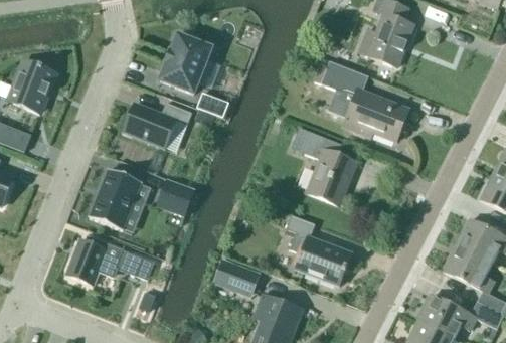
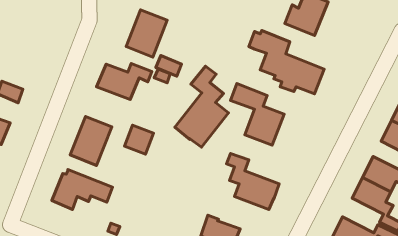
building: [9,60,54,112] -> none
building: none -> [175,66,228,147]
building: [213,256,261,297] -> none

